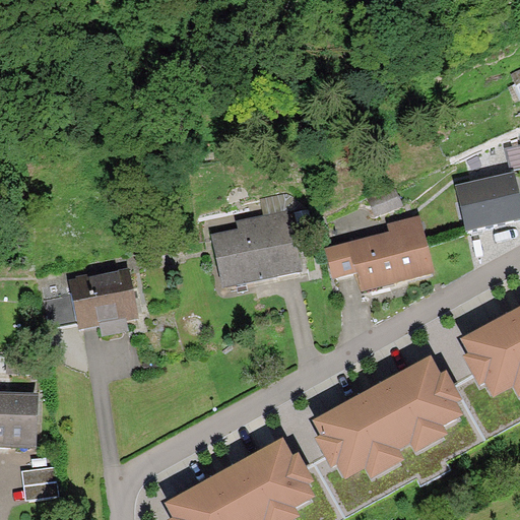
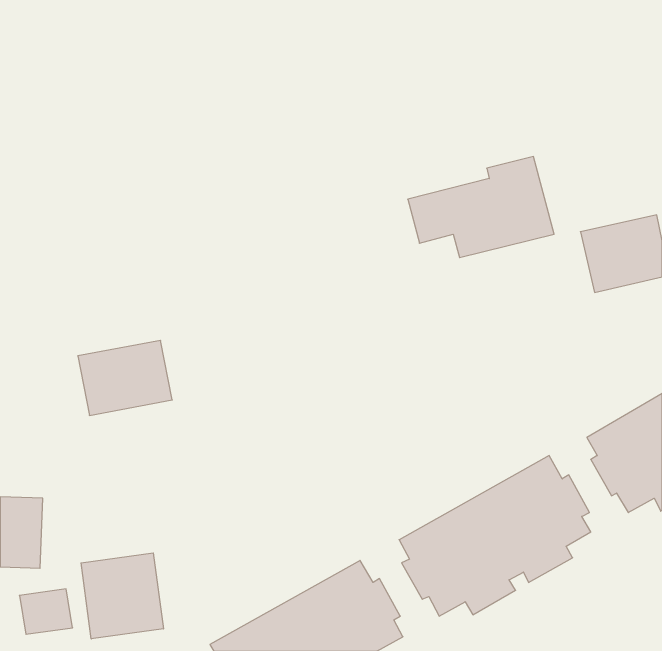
building: [210,204,303,285] -> none
building: [322,210,437,289] -> [408,157,554,258]
building: none -> [81,553,163,639]

